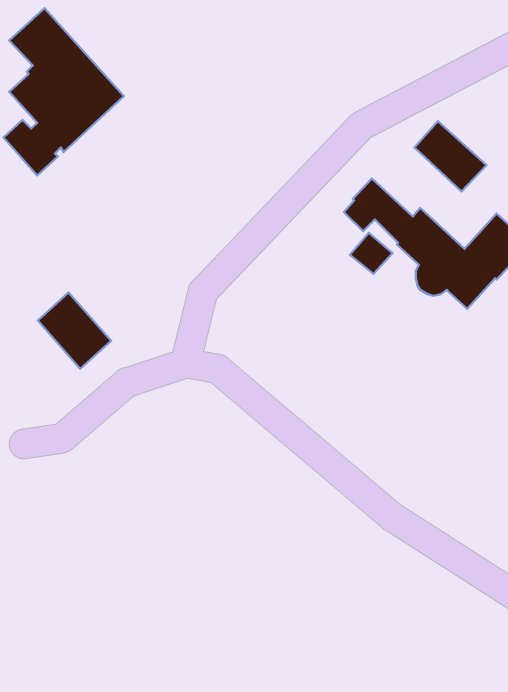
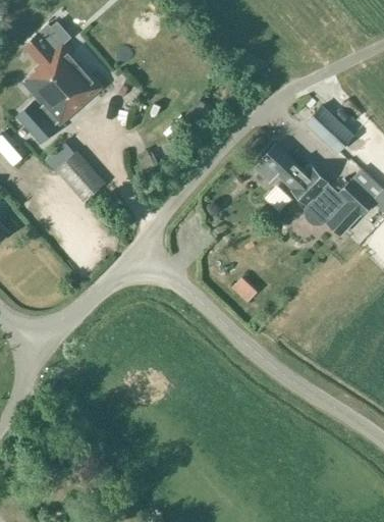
building: [38,293,111,369] -> [54,150,105,203]

